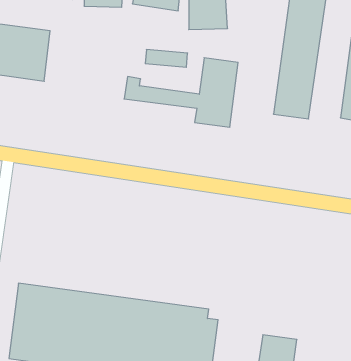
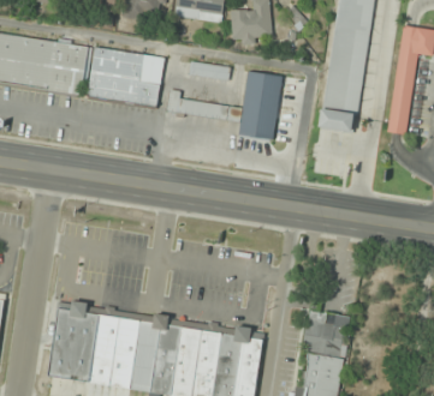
building: none -> [87,47,164,108]
building: none -> [304,312,347,353]

